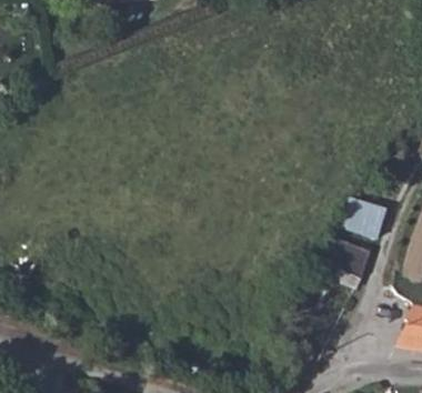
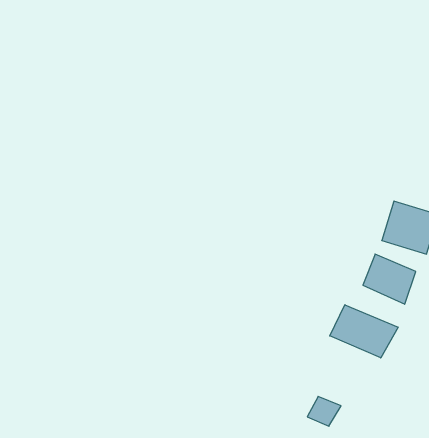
building: none -> [330,305,398,358]

